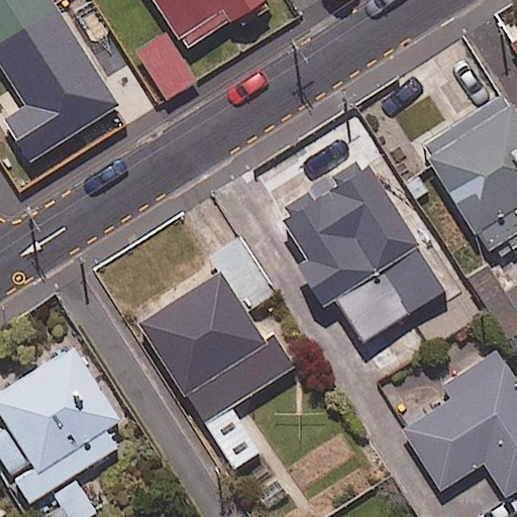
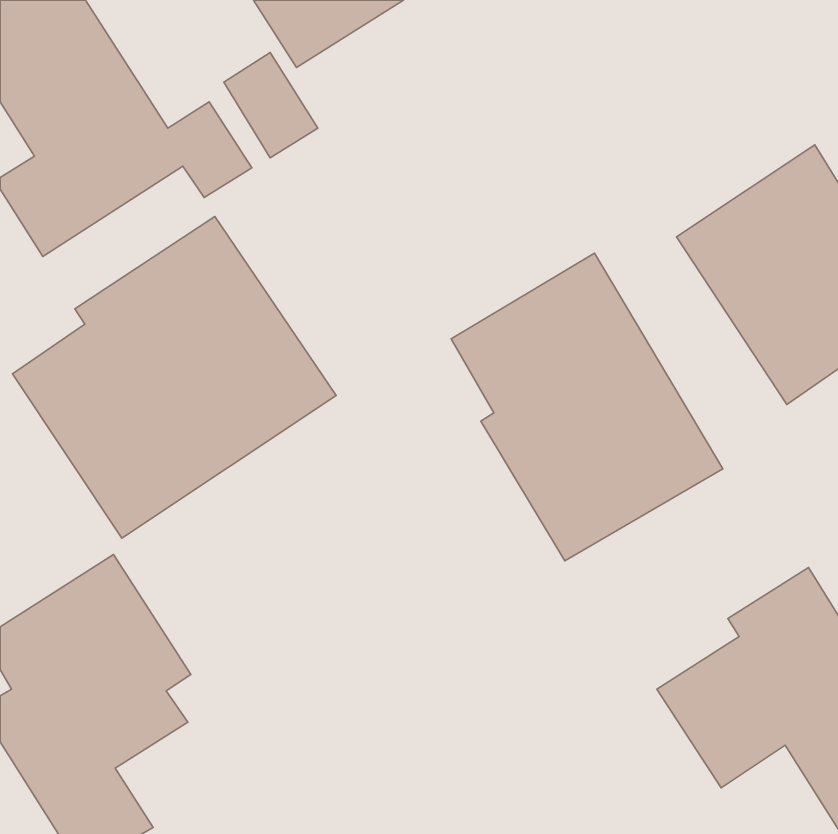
building: none -> [12,216,336,538]
building: [135,240,294,470] -> none

